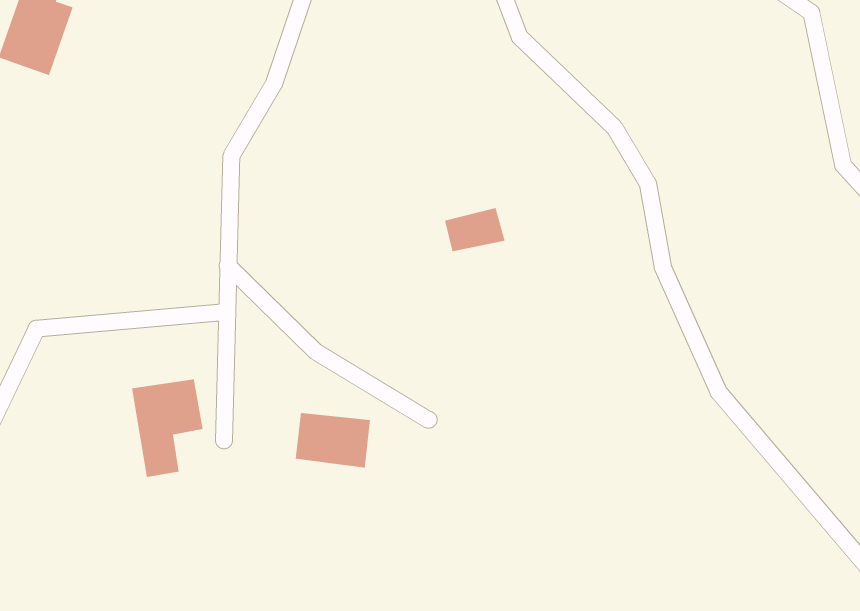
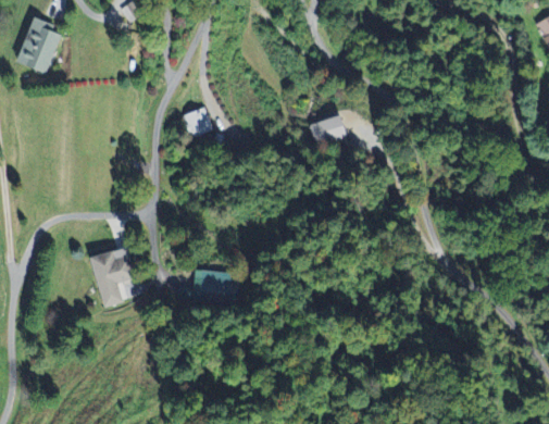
building: none -> [182,107,210,138]
building: [444,207,506,252] -> [307,115,342,141]

